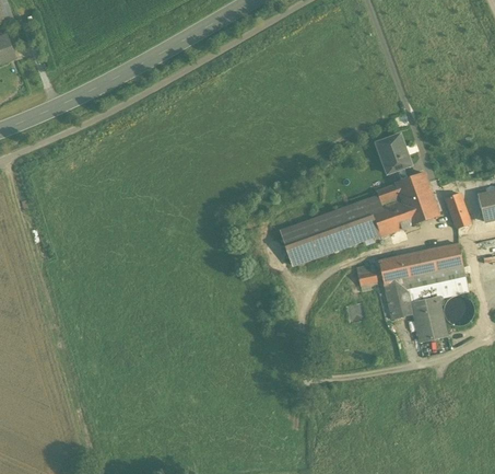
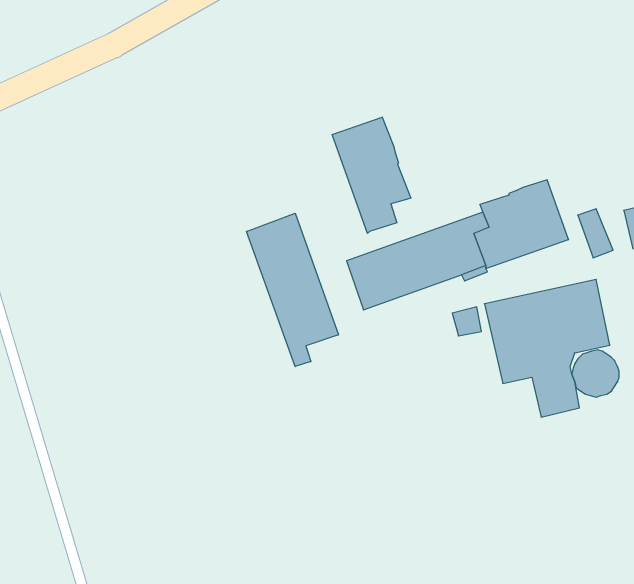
building: none -> [332,117,411,233]
building: [375,134,410,172] -> none
building: none -> [247,213,338,367]

